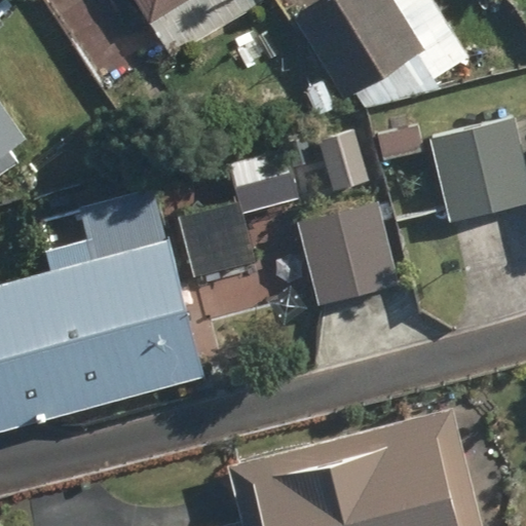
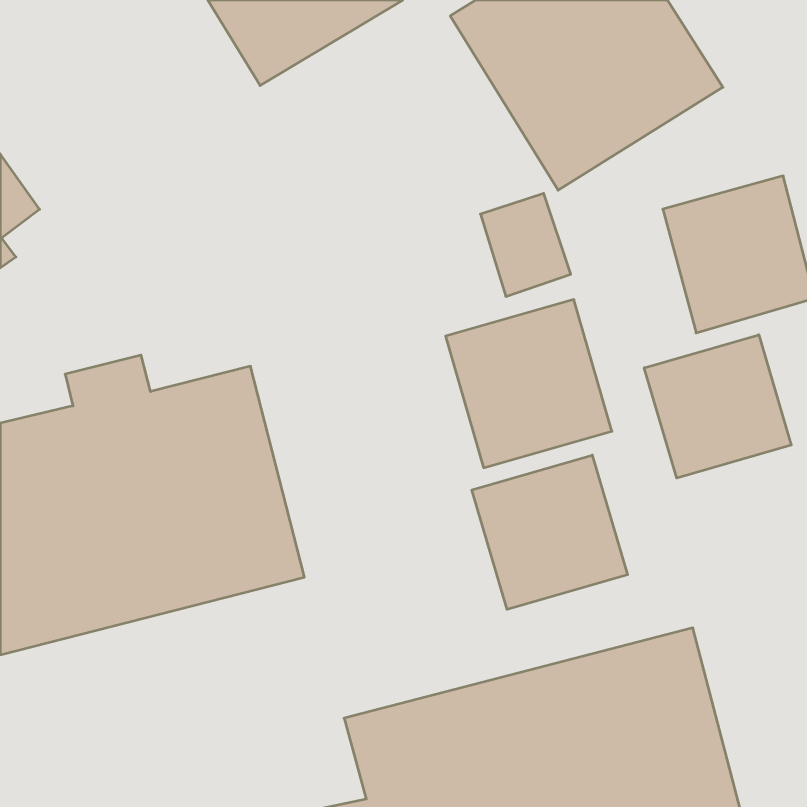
building: none -> [644,335,791,478]
building: none -> [472,455,628,609]

